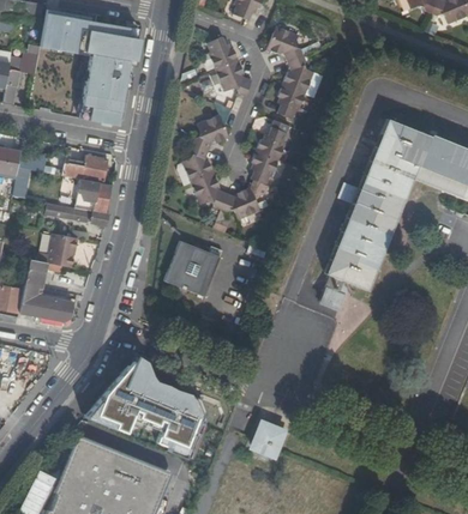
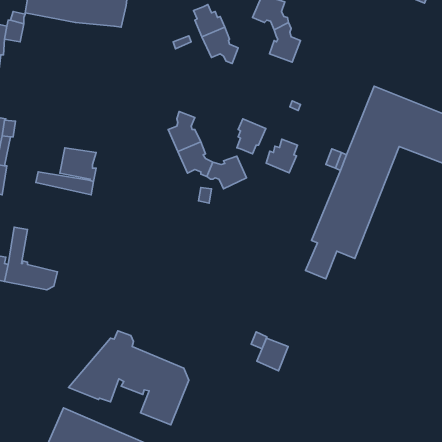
building: [79,55,133,125] -> none
building: [278,86,306,120] -> none
building: [193,114,229,150] -> none
building: [257,127,288,161] -> [266,139,298,173]
building: [61,155,108,181] -> none
building: [42,232,74,266] -> none
building: [164,240,224,296] -> none
building: [252,423,283,455] -> [257,338,288,371]

